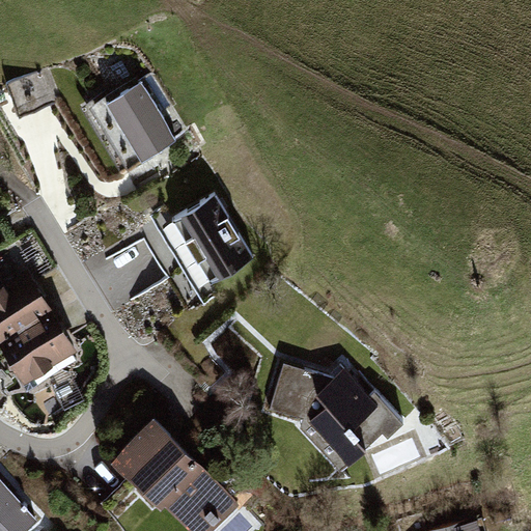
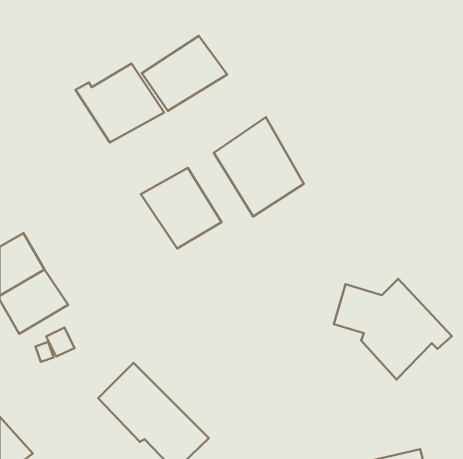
building: none -> [142,36,227,111]
building: none -> [214,117,304,216]
building: [269,360,403,475] -> [334,279,452,380]

